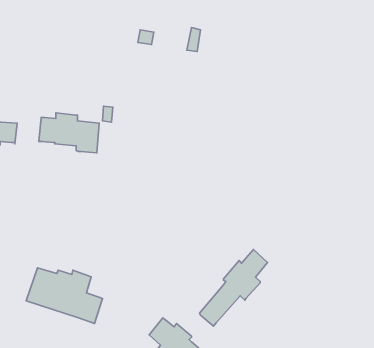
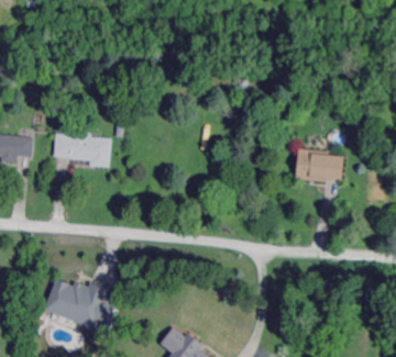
building: none -> [295,150,343,182]
building: [199,250,268,326] -> none

